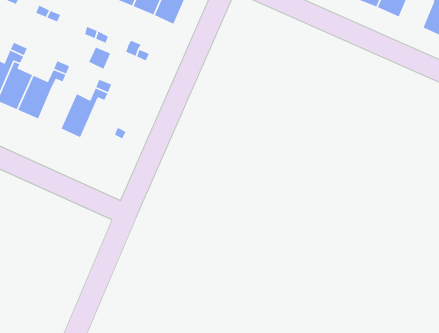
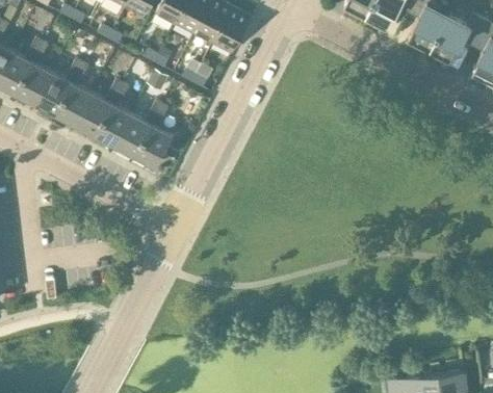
building: none -> [94,99,132,147]
building: none -> [133,120,172,167]

